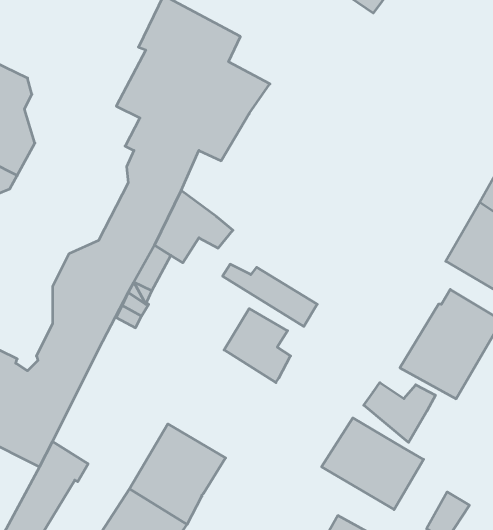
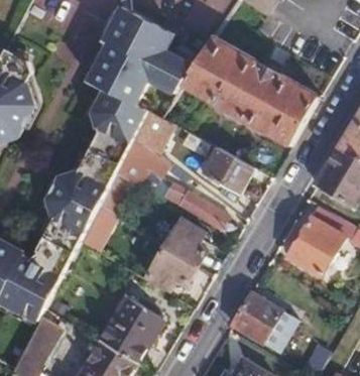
building: none -> [179,35,318,146]
building: none -> [133,109,173,154]
building: none -> [202,147,253,195]
building: none -> [143,245,198,291]
building: [364,383,435,442] -> none

